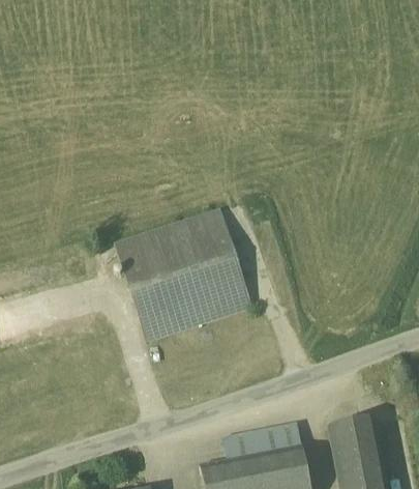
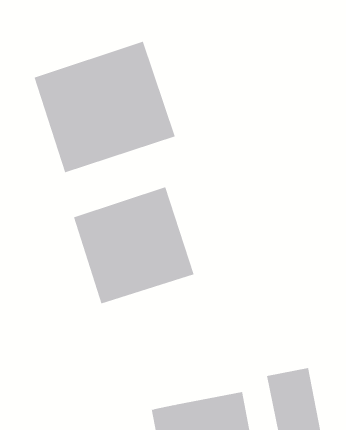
building: none -> [34,41,176,173]
building: [223,421,302,457] -> none

